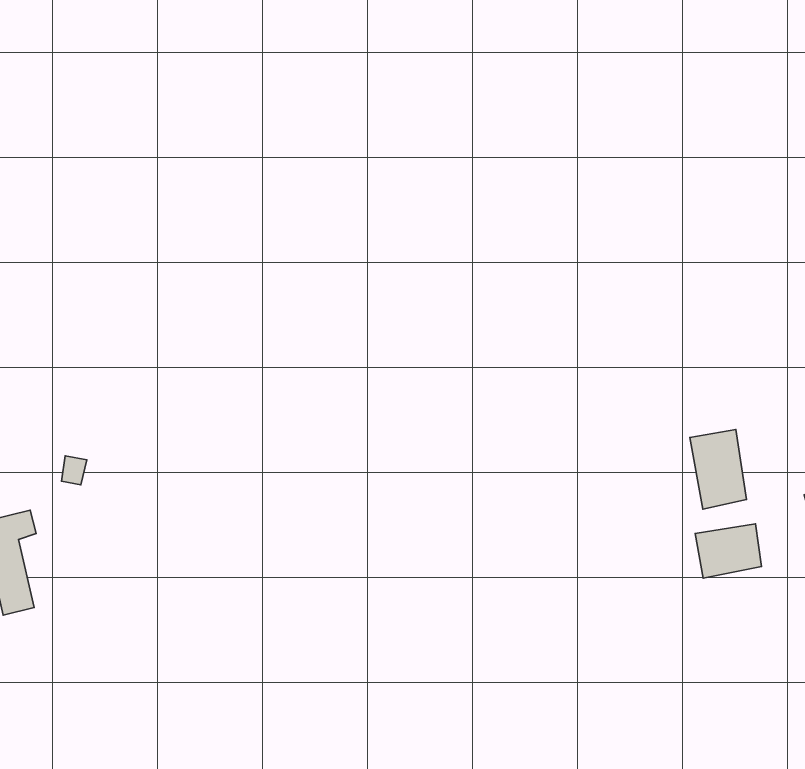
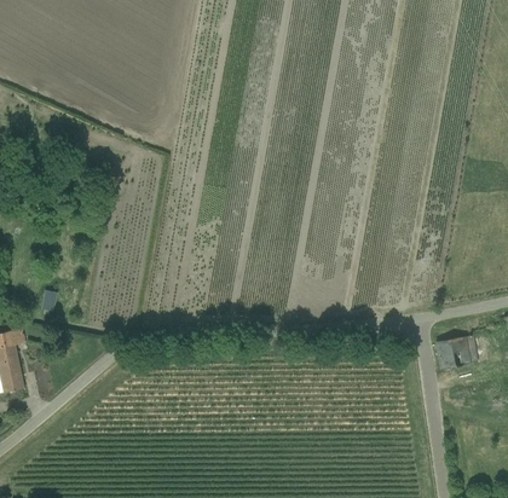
building: [690,430,746,509] -> none

